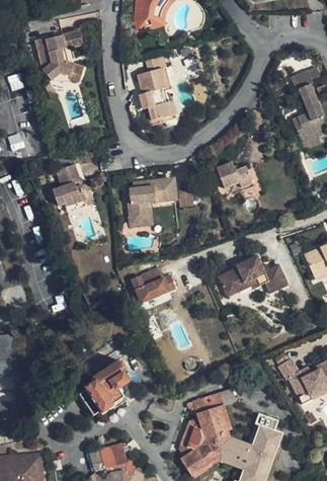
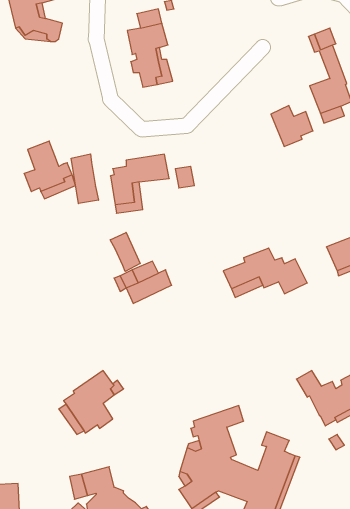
building: [216,162,251,196] -> [271,106,313,146]
building: none -> [71,154,98,204]
building: none -> [110,232,140,271]

